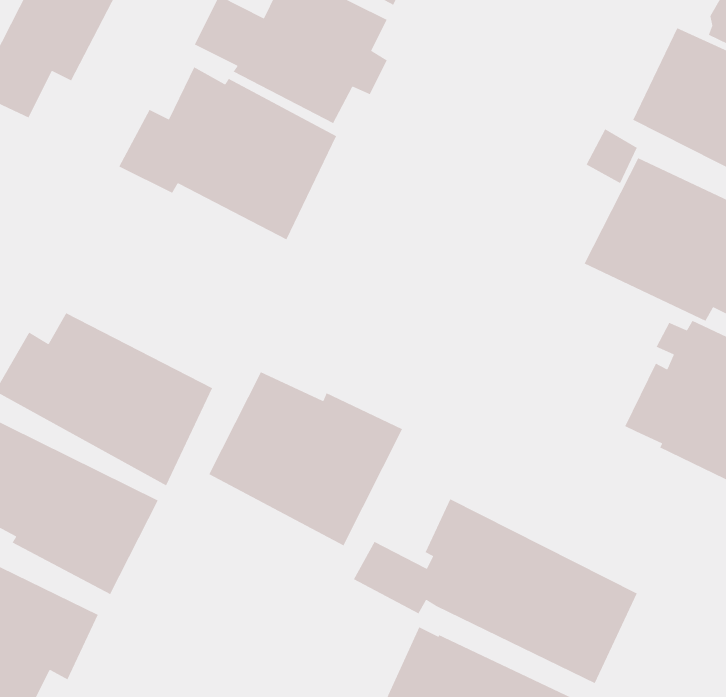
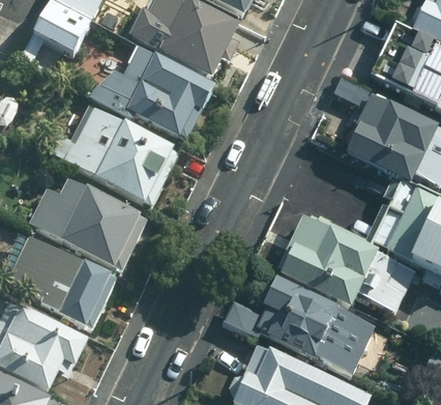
building: none -> [49,106,181,204]
building: [208,371,403,546] -> none
building: none -> [277,213,415,311]

